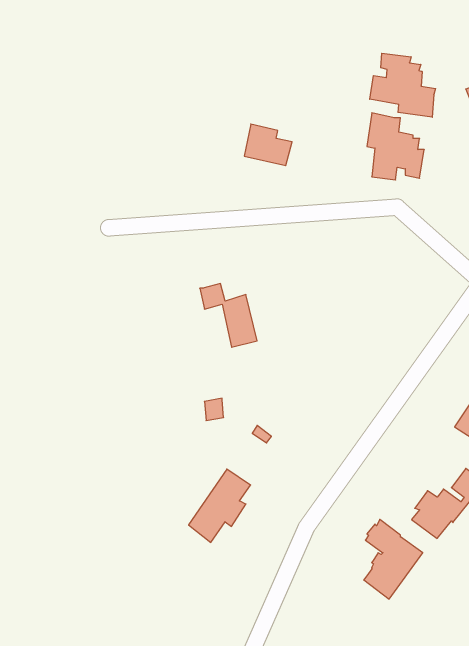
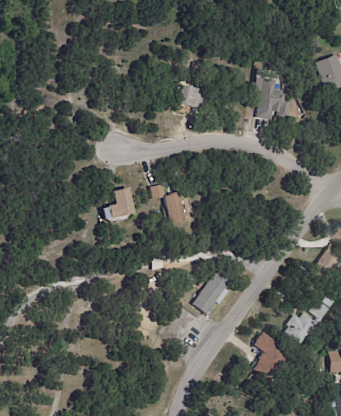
building: [370,53,436,117] -> none
building: none -> [103,187,135,219]
building: [189,469,251,542] -> [192,269,231,315]

